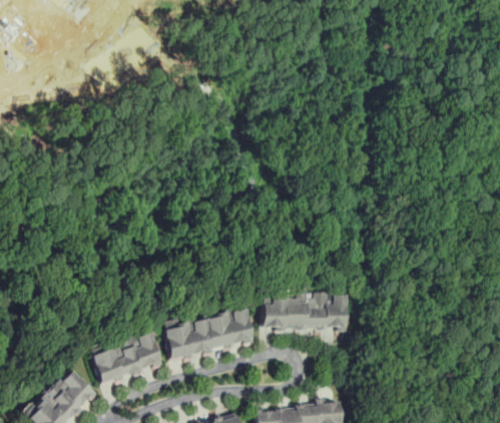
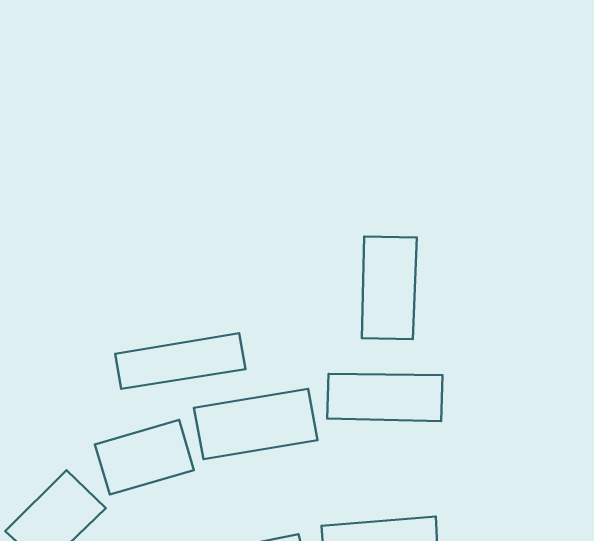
building: none -> [362,236,417,339]
building: none -> [115,333,245,389]

